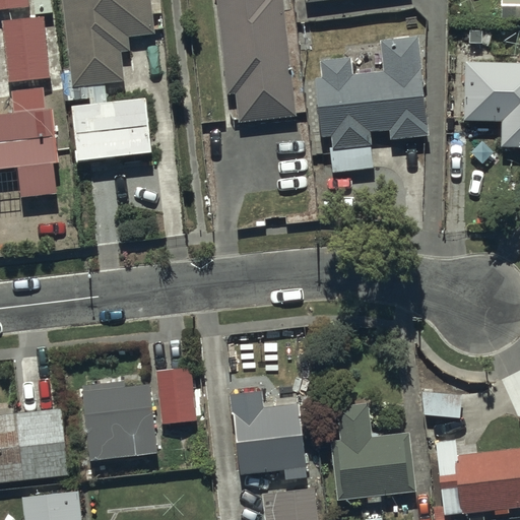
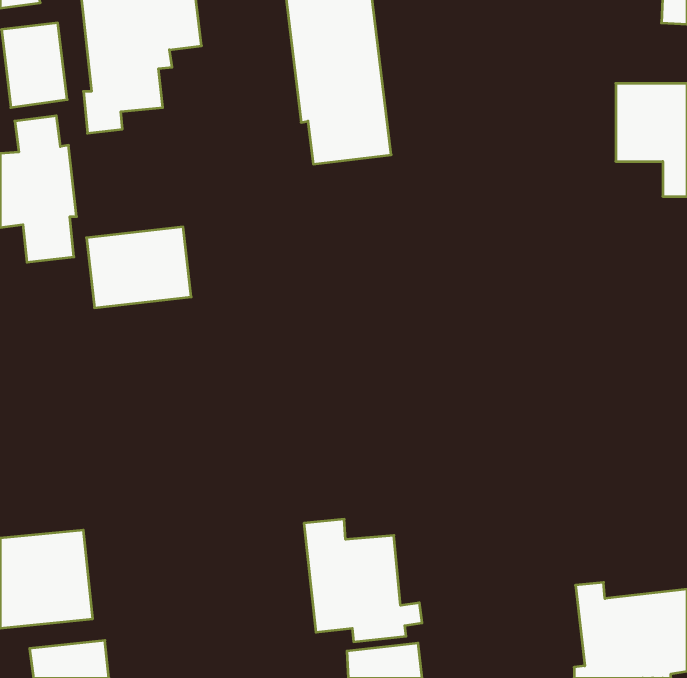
building: [314,38,427,172] -> none
building: [71,101,150,161] -> [86,227,191,308]
building: [157,360,198,415] -> none
building: [82,373,157,451] -> none
building: [333,404,415,502] -> none

